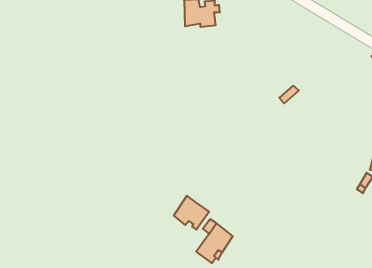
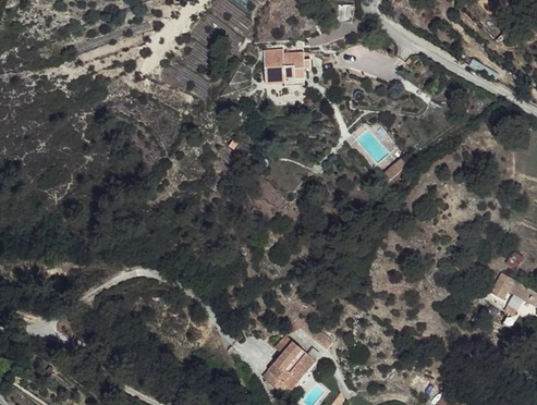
building: [174,196,209,230] -> none

